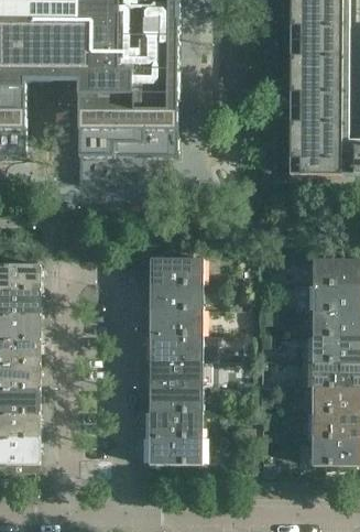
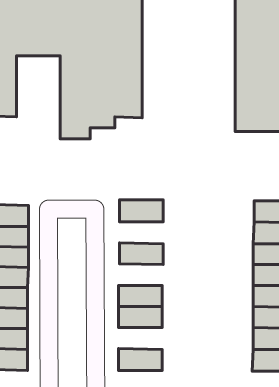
building: [150,283,203,310] -> none
building: [149,334,203,360] -> none
building: [149,411,201,437] -> none

